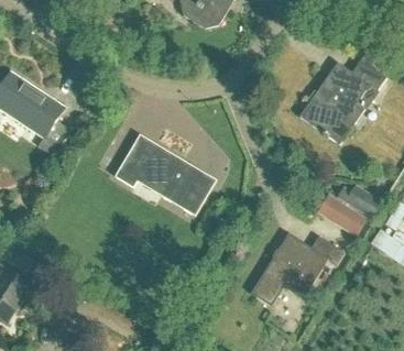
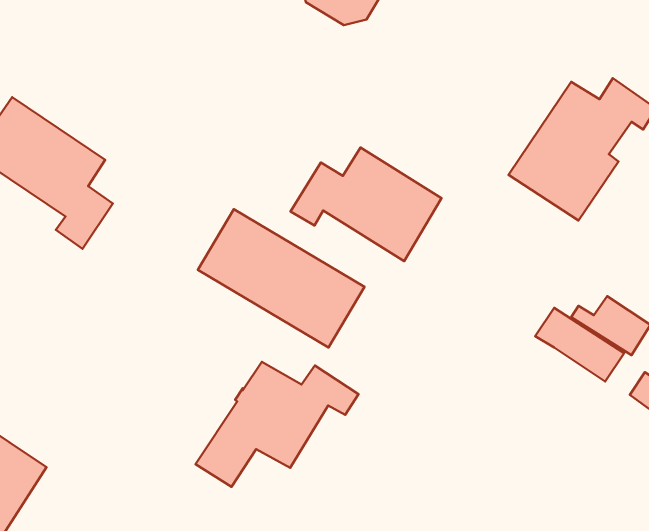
building: none -> [291,148,441,261]
building: [248,231,342,304] -> [196,362,358,487]

